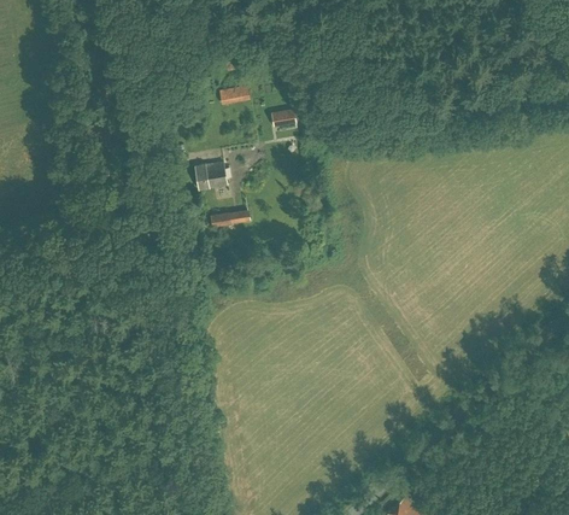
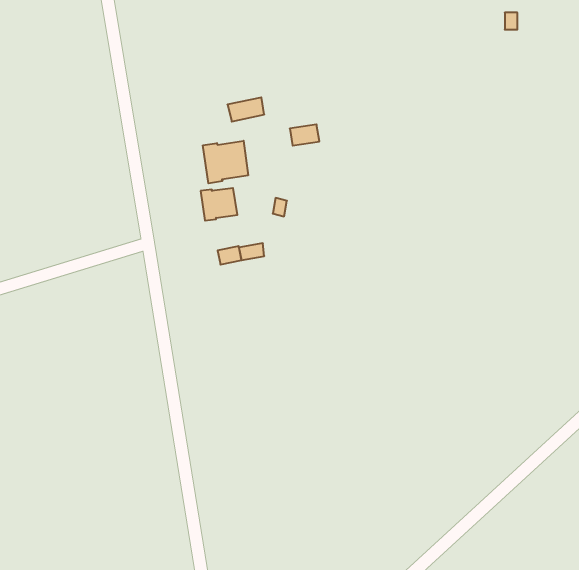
building: none -> [203,141,248,183]

